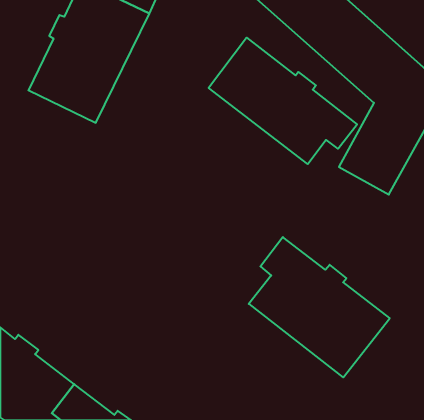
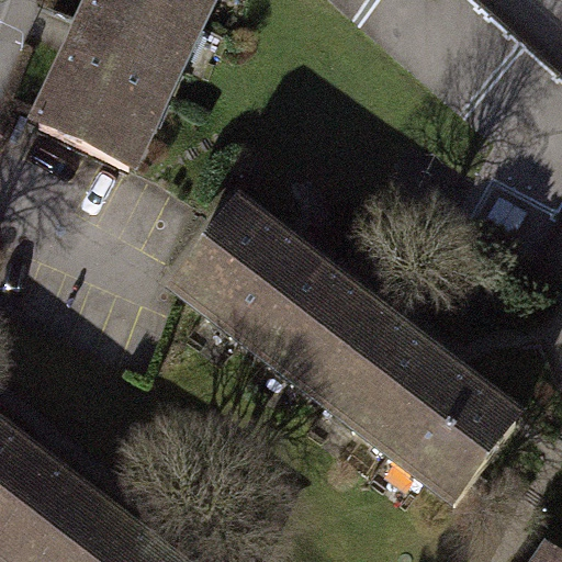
building: [209,38,357,164] -> none
building: none -> [178,205,375,400]

